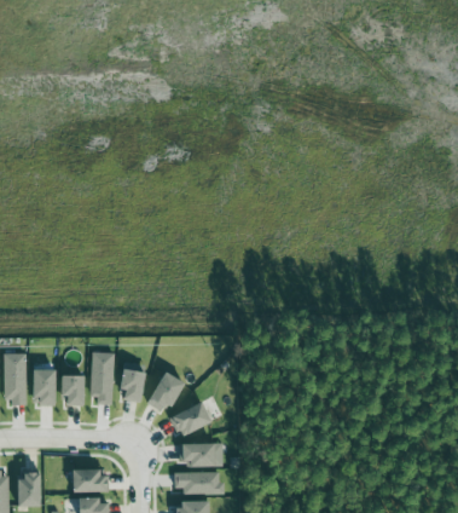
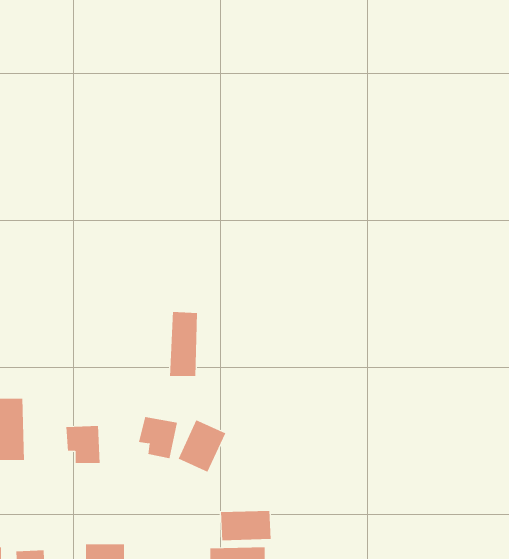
building: [89,352,112,404] -> [169,311,198,377]
building: [30,369,57,405] -> none
building: [169,402,213,438] -> none

